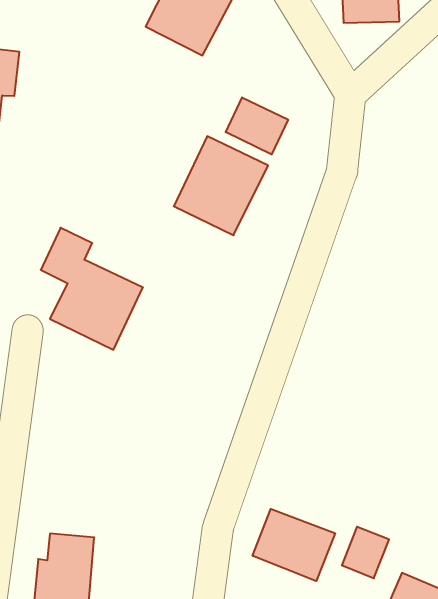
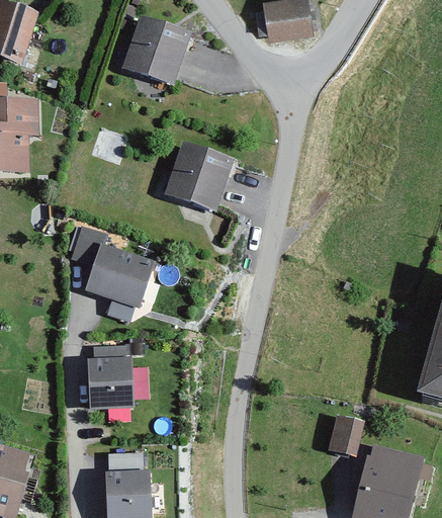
building: [226,97,288,154] -> none
building: none -> [89,344,131,411]
building: [253,509,335,581] -> none

